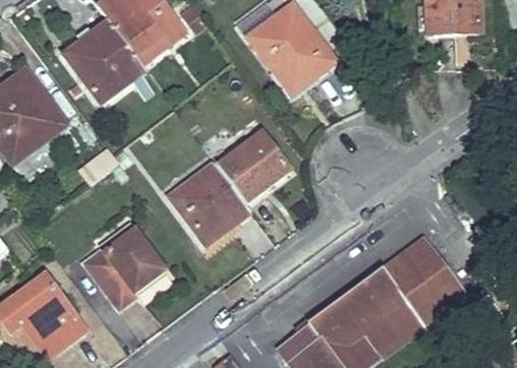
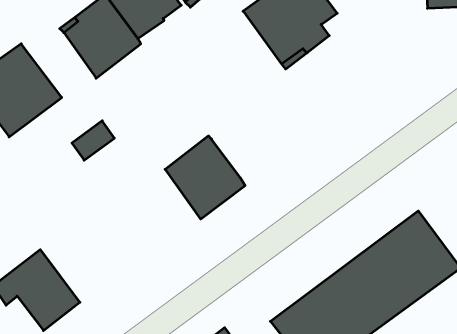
building: [217,130,290,203] -> none
building: [84,224,165,310] -> none

